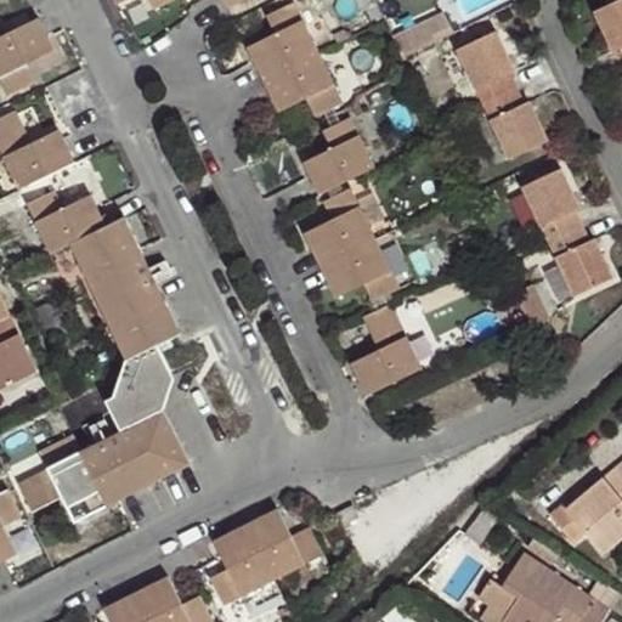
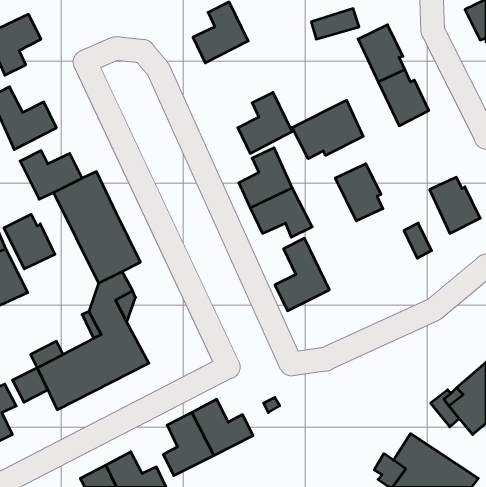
building: [261,52,341,118] -> none
building: none -> [292,100,363,159]
building: [520,169,581,242] -> [335,164,383,221]
building: none -> [4,214,55,269]

